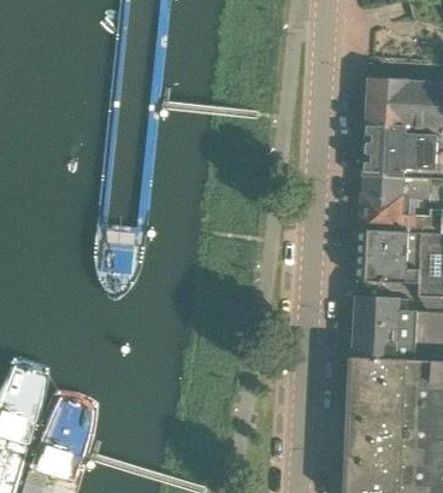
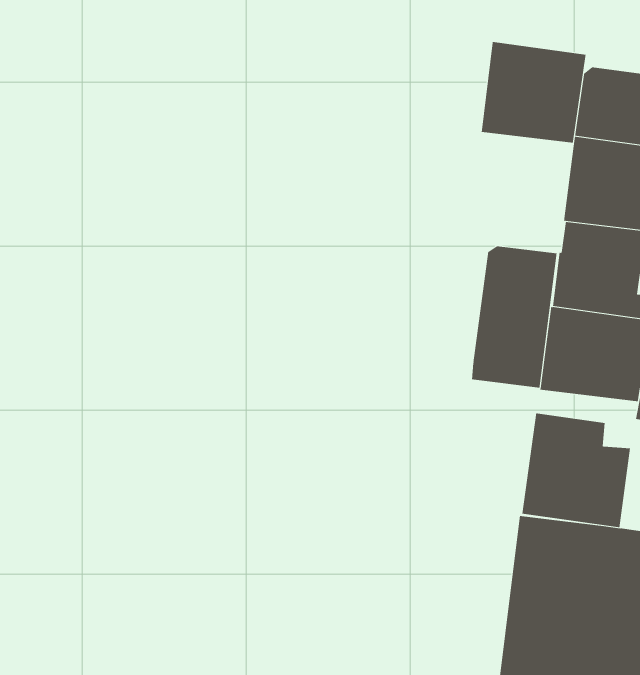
building: none -> [481,41,586,143]
building: none -> [472,246,557,389]

